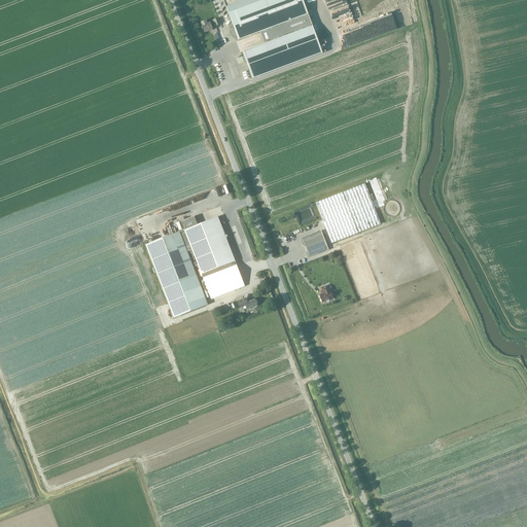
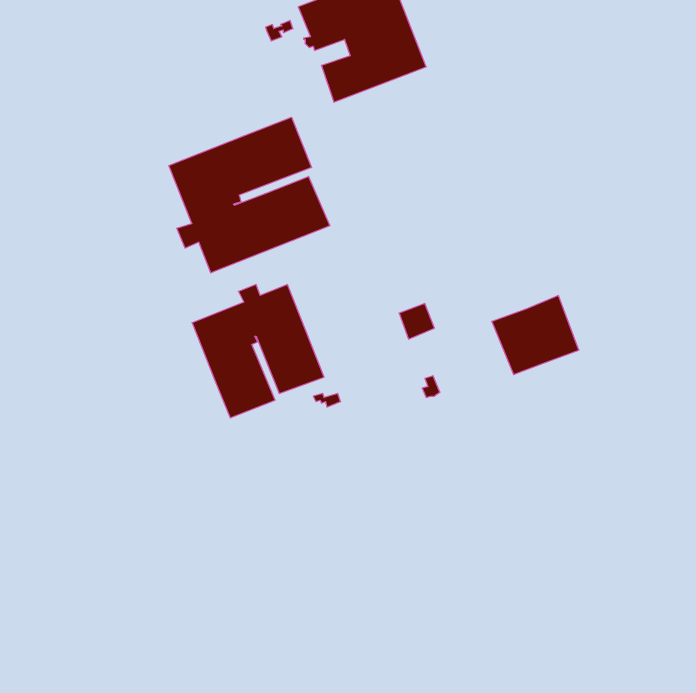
building: none -> [169,117,330,273]
building: [315,181,381,241] -> [492,296,579,375]

